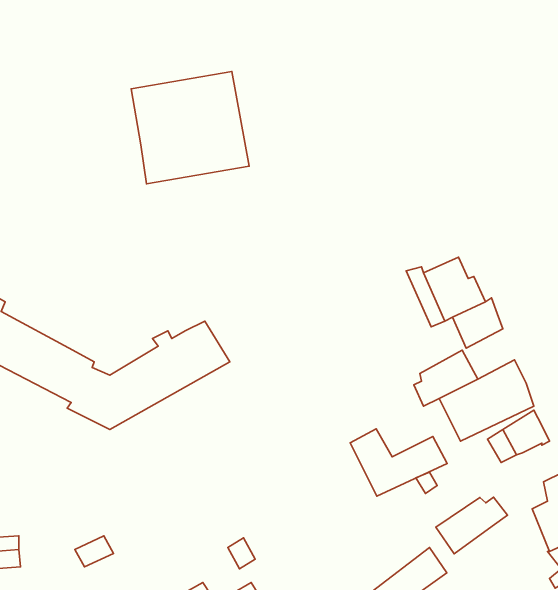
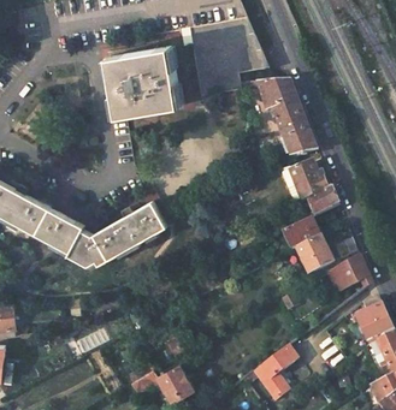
building: none -> [187,19,262,96]
building: none -> [256,81,315,155]
building: [350,429,447,496] -> none
building: [436,497,508,554] -> none

